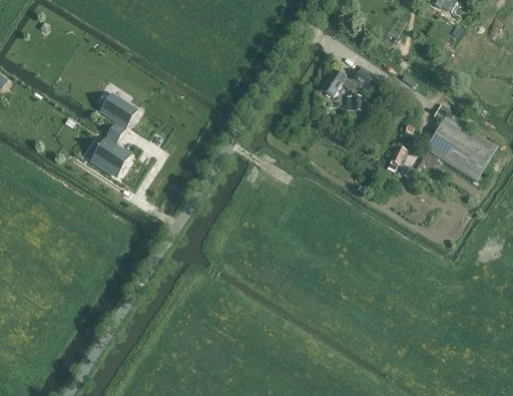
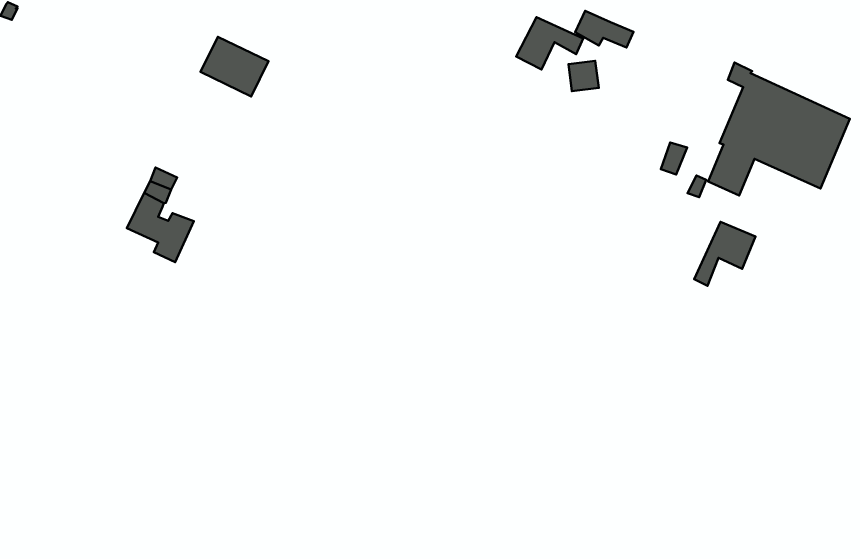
building: [99,92,137,127] -> [200,37,269,96]
building: none -> [694,222,756,286]

